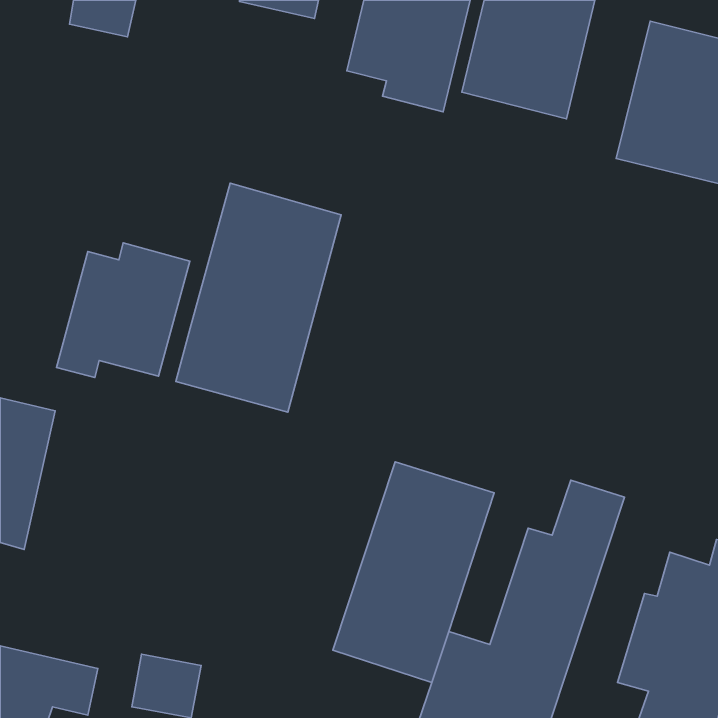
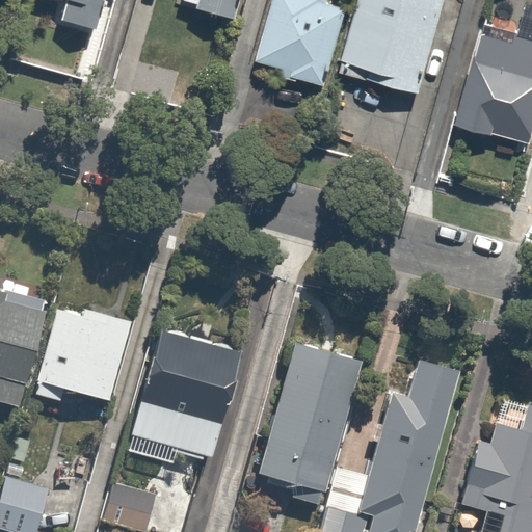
building: [176,183,341,412] -> none
building: [57,243,190,377] -> [33,303,131,402]
building: none -> [126,325,240,463]

